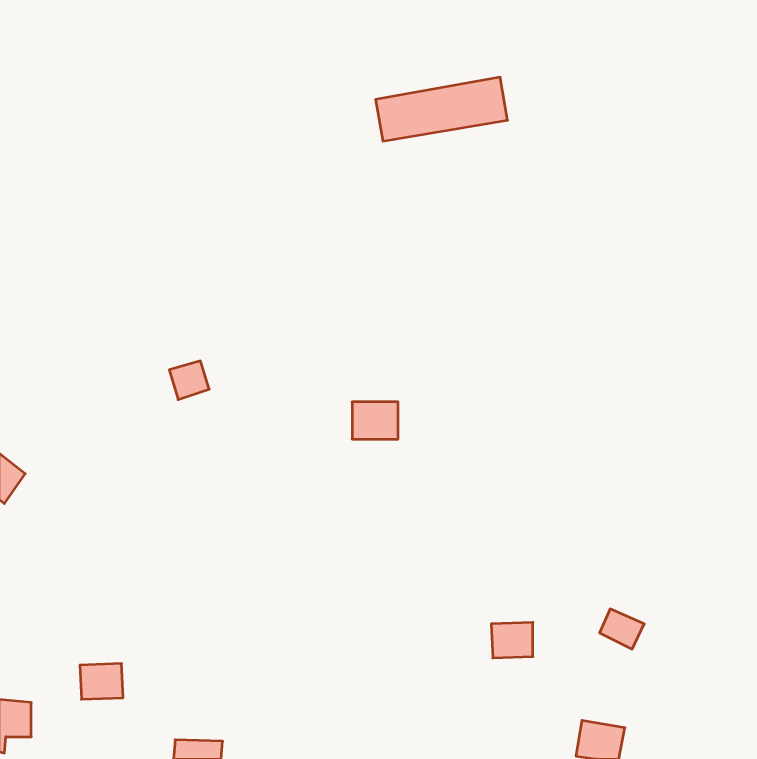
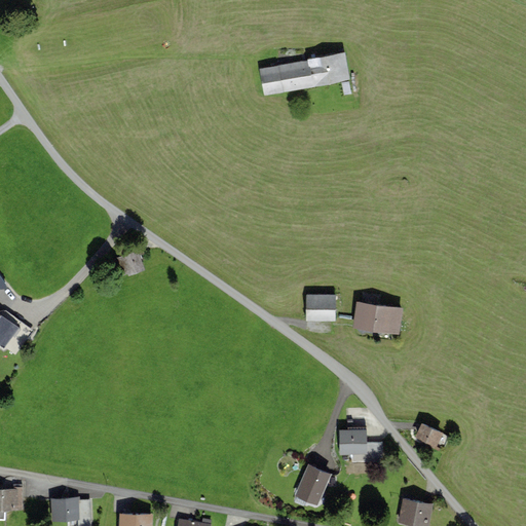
building: [352,402,398,439] -> [305,293,337,318]
building: none -> [352,301,397,337]
building: [80,664,123,699] -> [50,496,80,521]
building: none -> [293,462,331,505]

